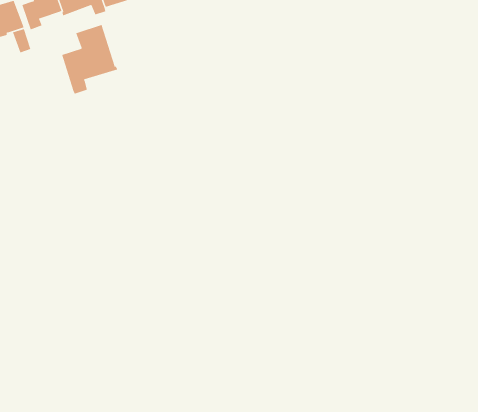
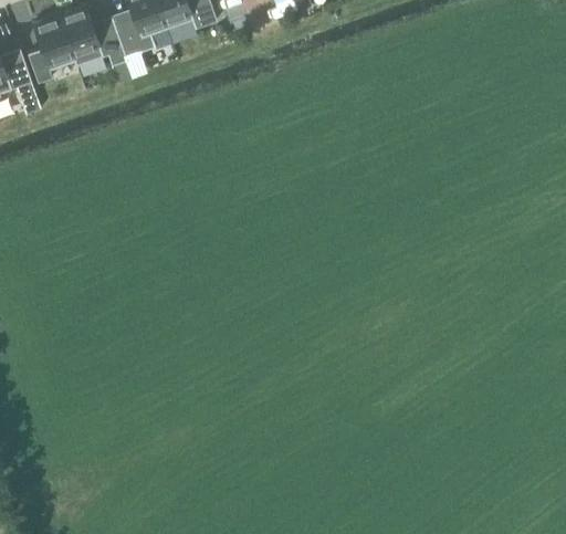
building: [61,24,118,94] -> none

